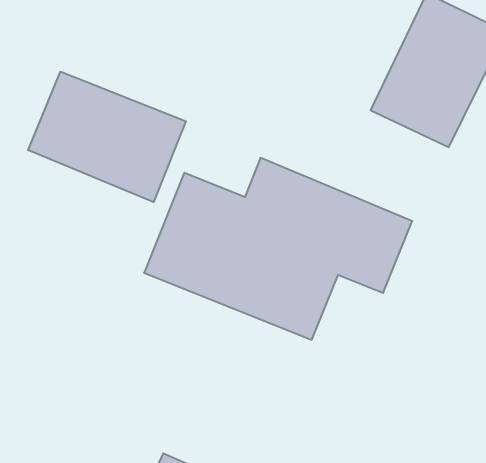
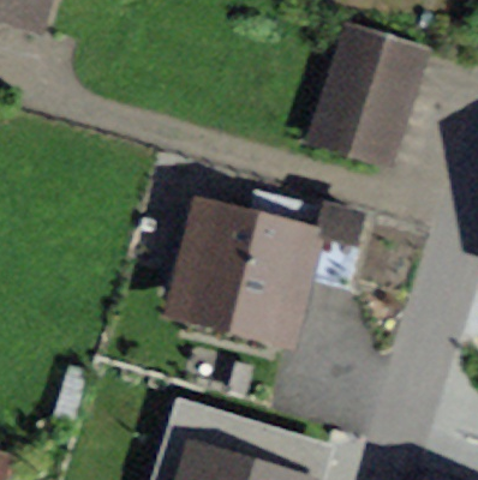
building: [28,72,186,202] -> none

